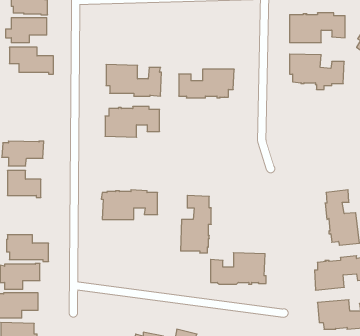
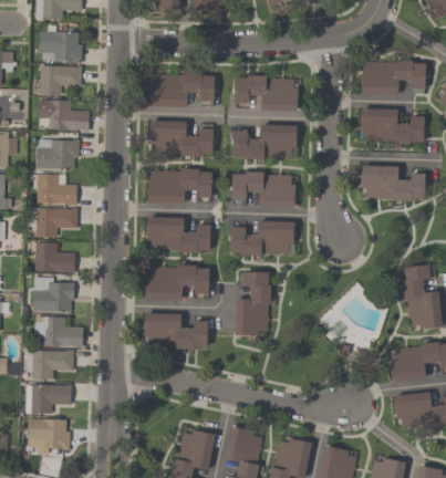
building: none -> [151,72,215,106]
building: none -> [235,74,298,111]
building: none -> [37,138,79,168]
building: none -> [361,165,425,200]
building: none -> [231,172,295,207]
building: none -> [37,174,76,205]
building: none -> [145,217,210,253]
building: none -> [32,277,74,311]
building: none -> [144,313,208,350]
building: [211,253,266,284] -> [231,218,295,254]

